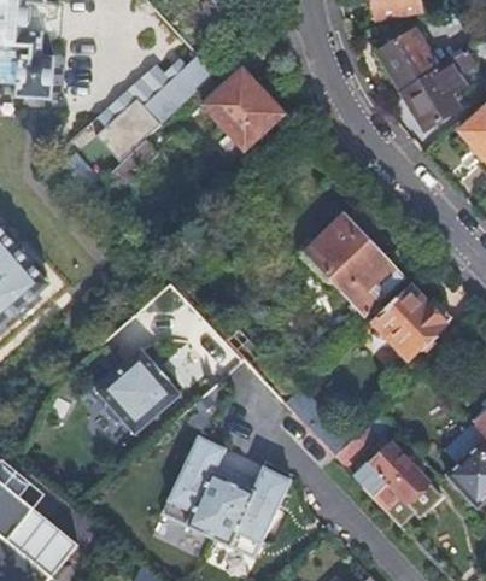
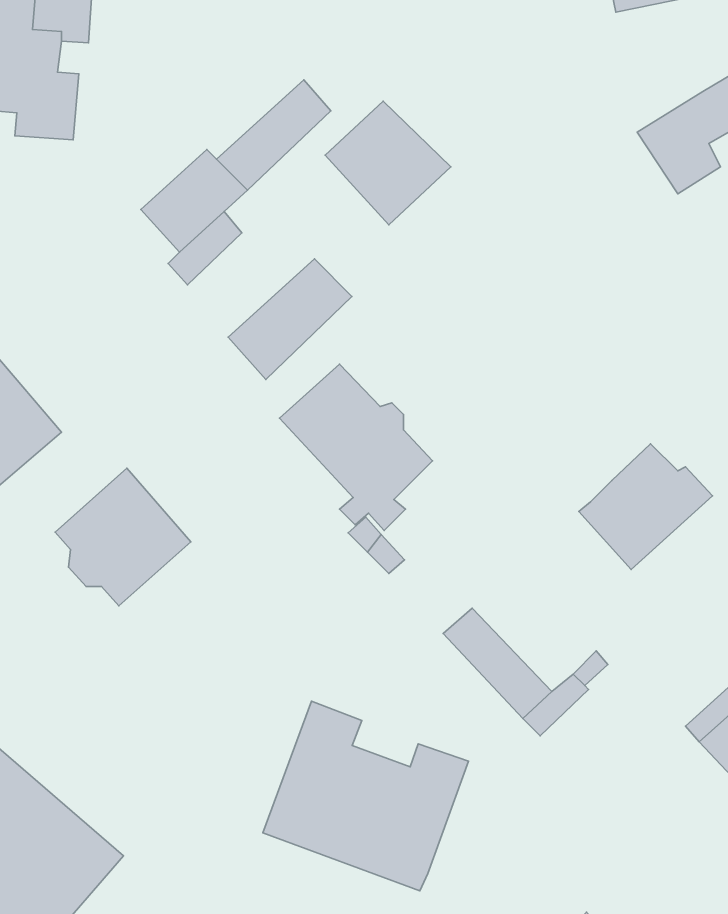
building: [381,27,441,87] -> none
building: none -> [228,259,352,379]
building: [306,213,402,317] -> [279,364,433,530]
building: [93,342,177,428] -> [55,468,191,606]
building: [353,442,440,524] -> none

